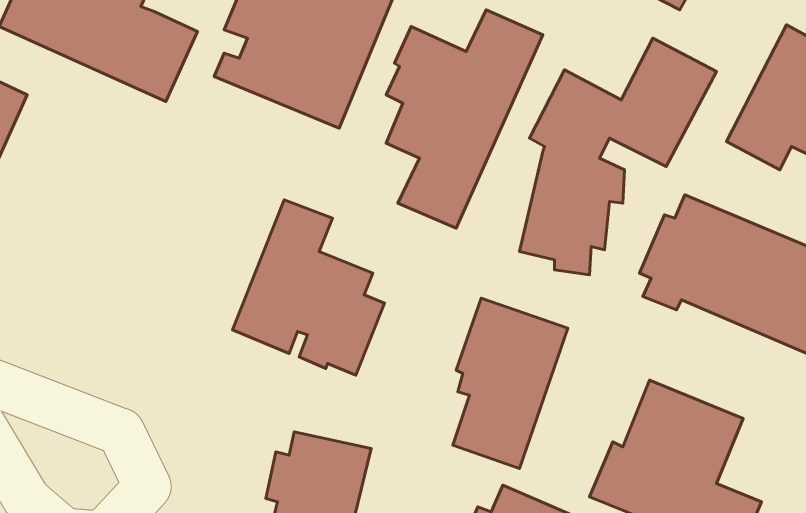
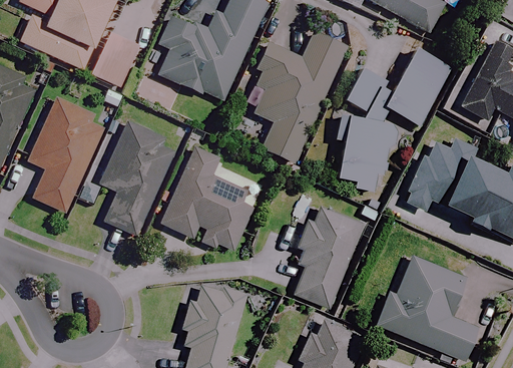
building: none -> [27,96,104,212]
building: none -> [97,120,174,235]

